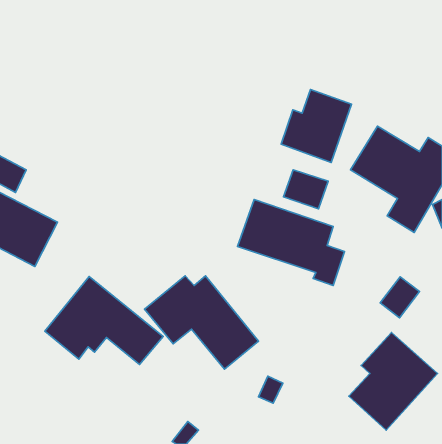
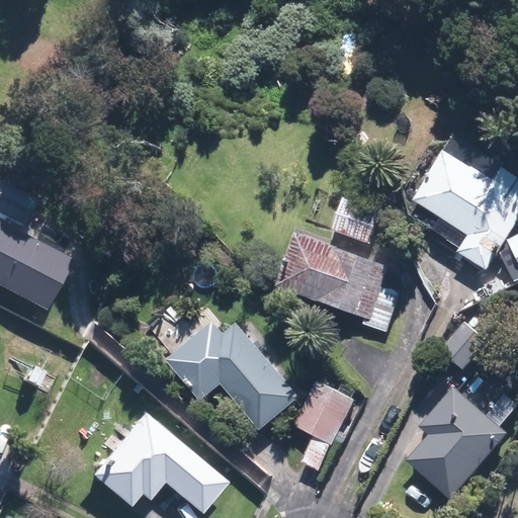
building: [281,90,352,162] -> none
building: [45,276,163,364] -> [84,410,222,512]
building: none -> [294,380,354,443]

